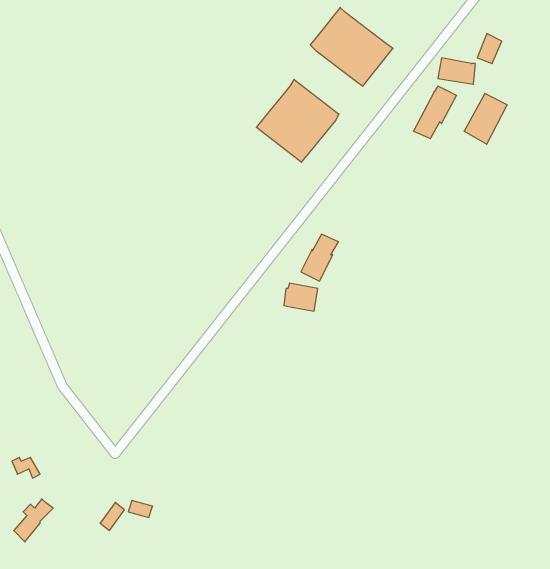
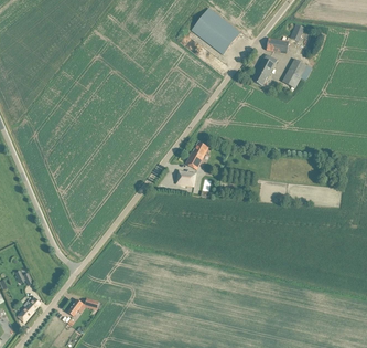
building: [256,79,339,162] -> none

